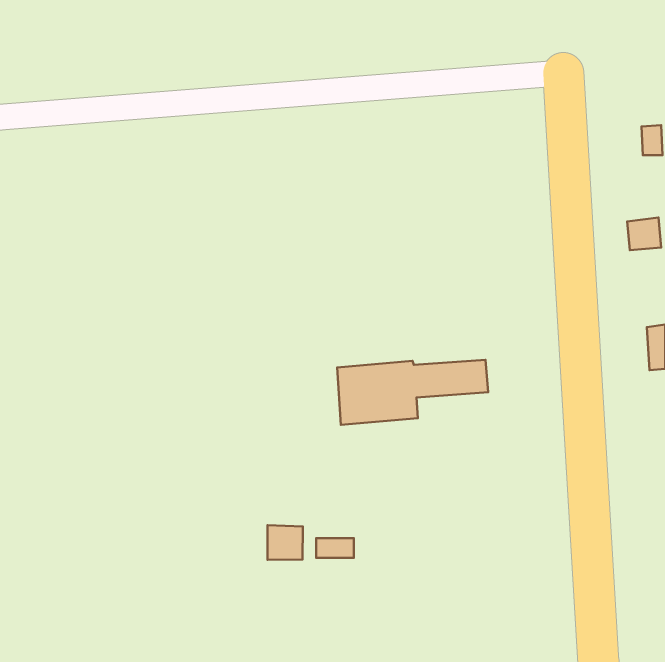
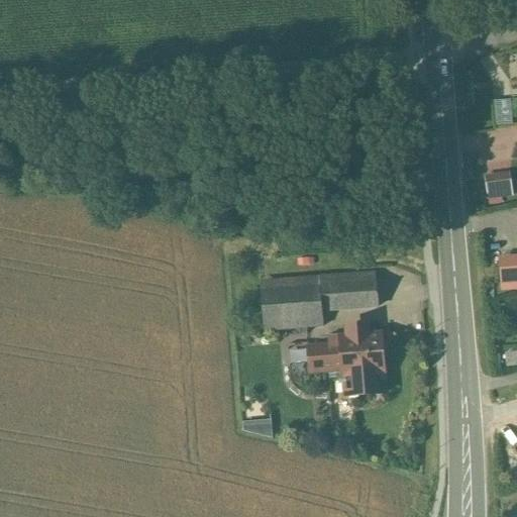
building: none -> [309,324,386,394]
building: [268,525,303,560] -> none

